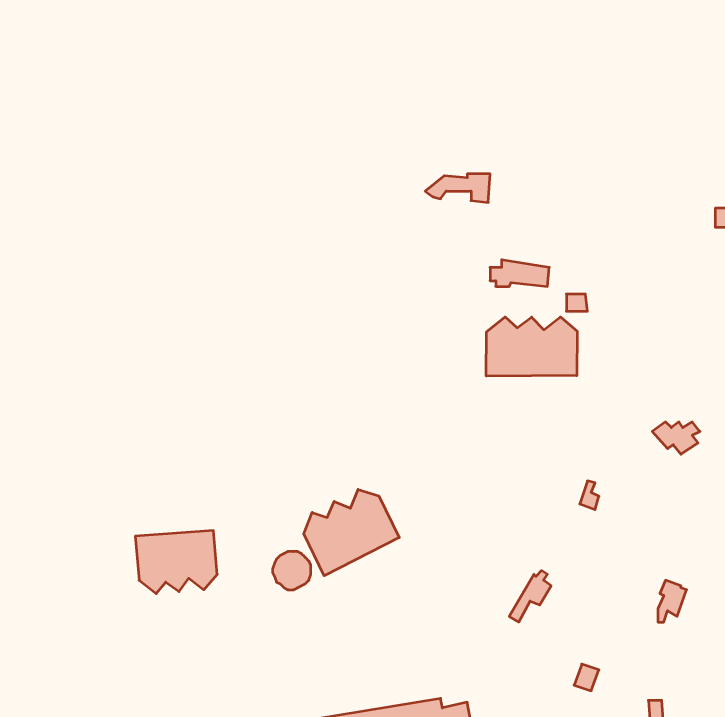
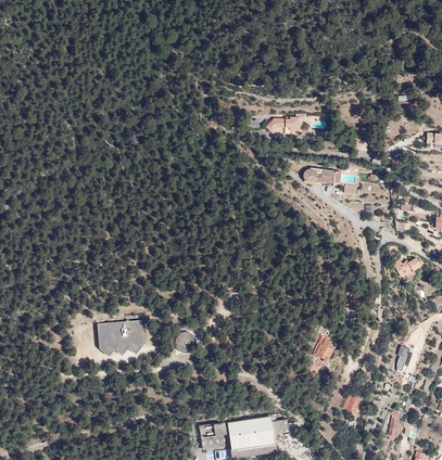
building: [486,317,577,376] -> none
building: [304,489,399,576] -> none

